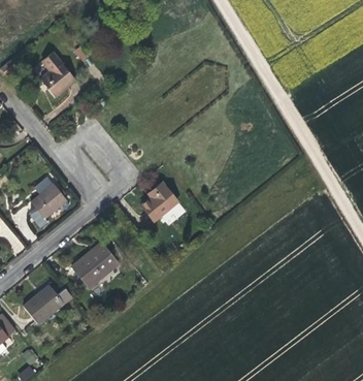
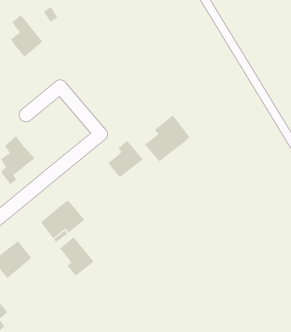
building: none -> [144,115,190,162]
building: none -> [59,236,94,276]

